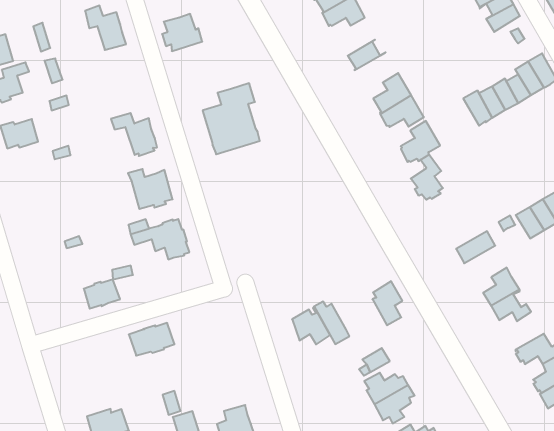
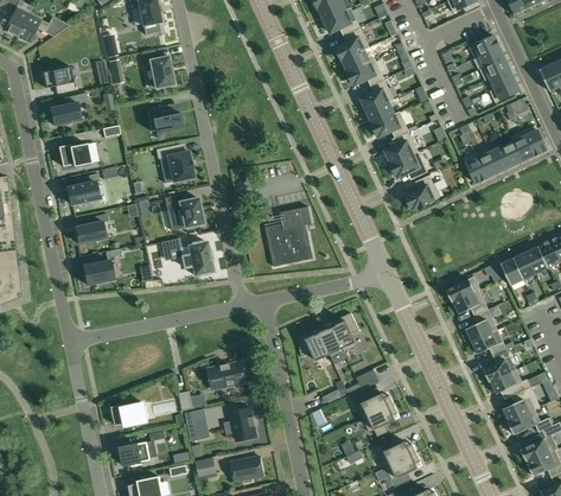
building: [162,14,202,51] -> [148,103,183,134]
building: none -> [361,80,391,112]
building: none -> [371,112,409,138]
building: [203,83,260,154] -> [266,206,313,266]
building: none -> [66,173,100,204]
building: [411,154,443,200] -> none
building: none -> [72,214,108,243]
building: none -> [452,288,489,316]
building: [84,279,120,309] -> [83,260,114,284]
building: [372,281,402,325] -> [333,312,359,350]
building: none -> [484,349,516,381]
building: [129,323,175,356] -> [208,362,247,388]

